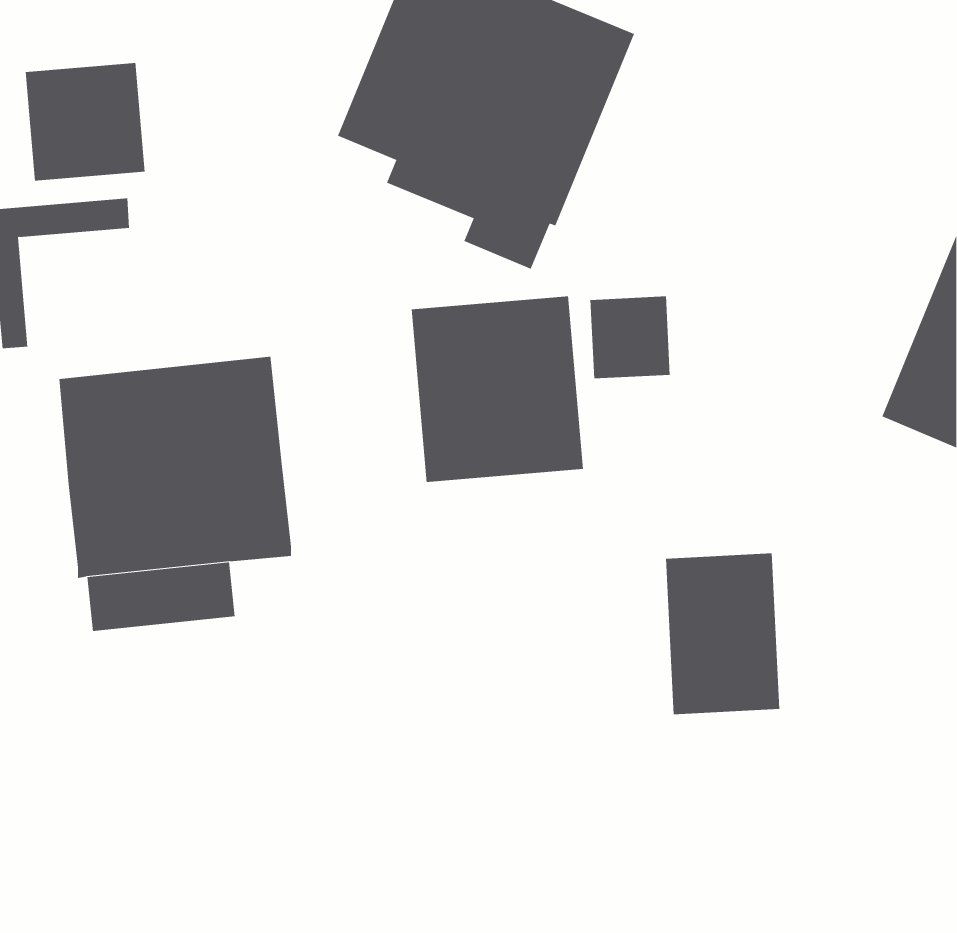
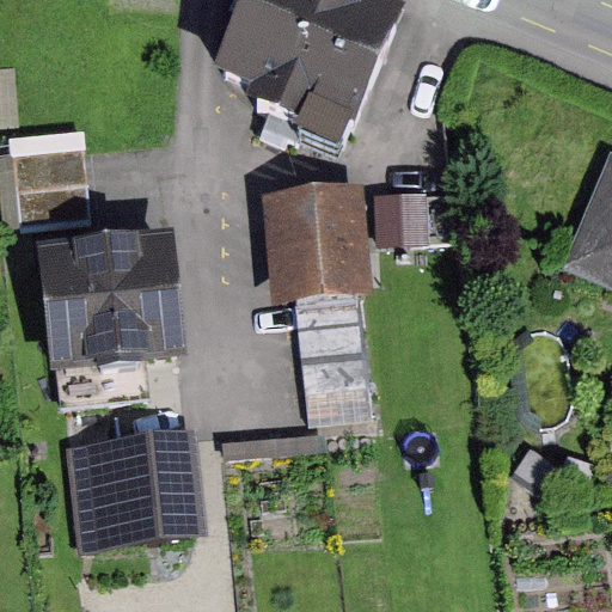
building: [25,62,145,181] -> [12,145,88,220]
building: [665,553,780,715] -> [305,311,378,414]
building: none -> [65,428,206,549]

